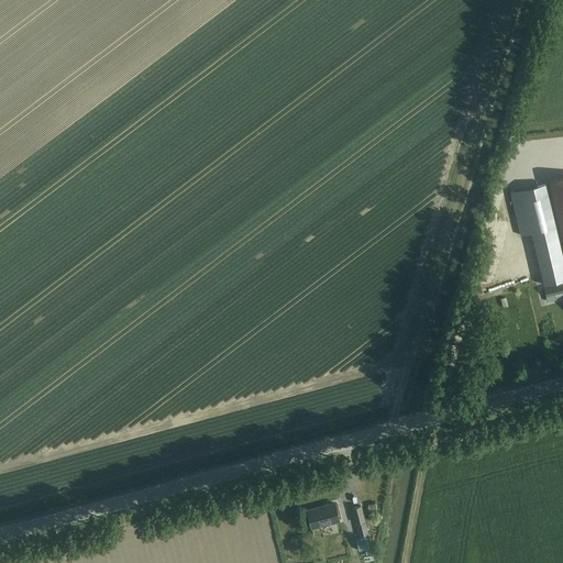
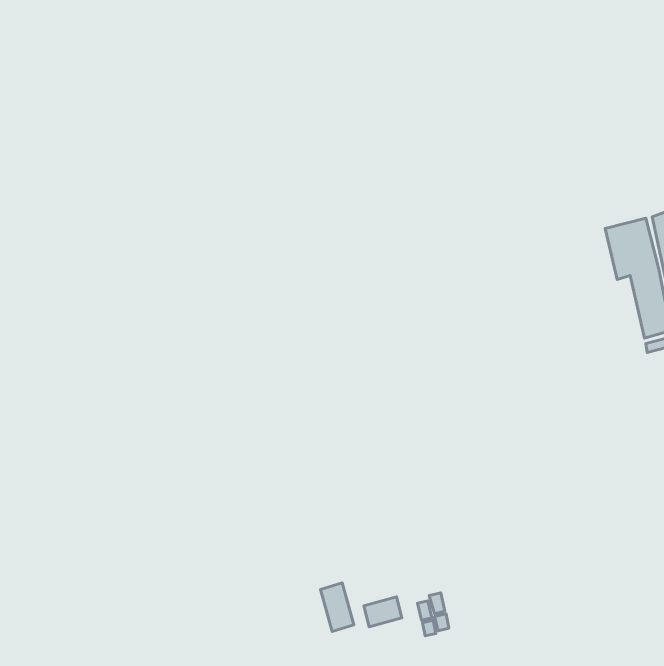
building: none -> [320,583,354,632]

